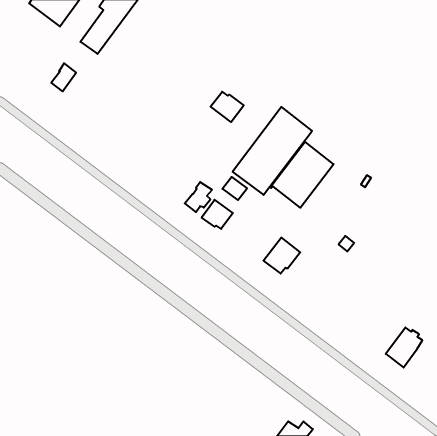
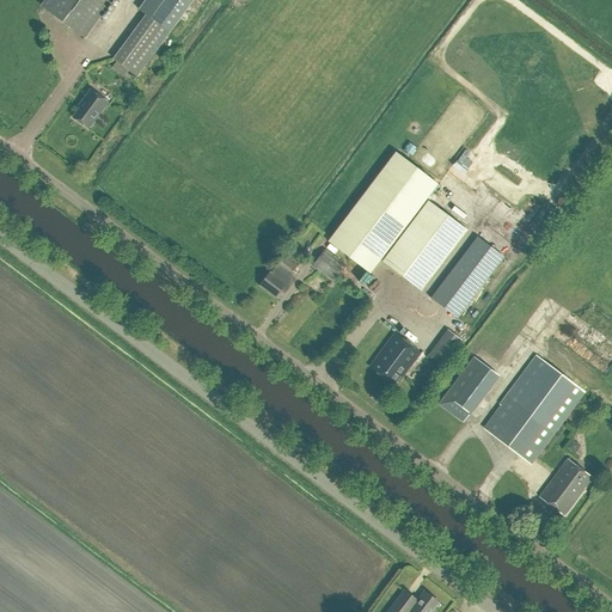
building: [211,92,244,122] -> none
building: none -> [430,235,503,317]
building: [202,200,233,229] -> none
building: none -> [485,355,583,459]
building: none -> [439,356,496,420]

